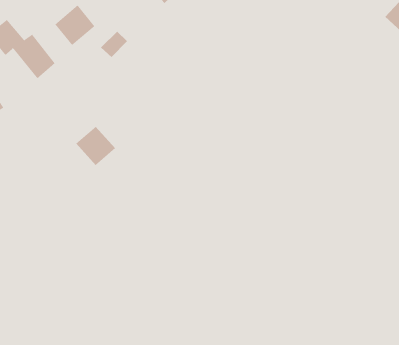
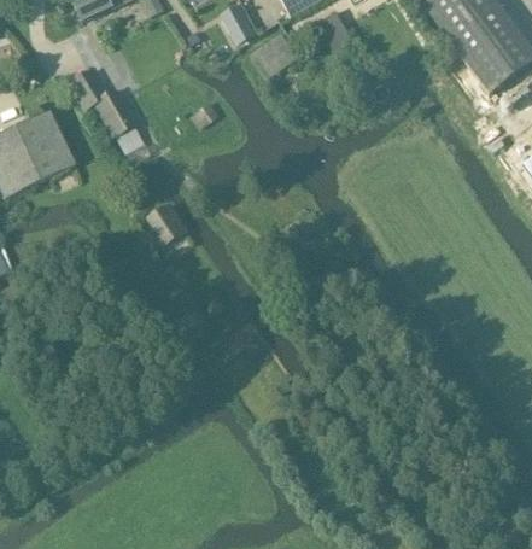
building: [54,5,95,46] -> none

